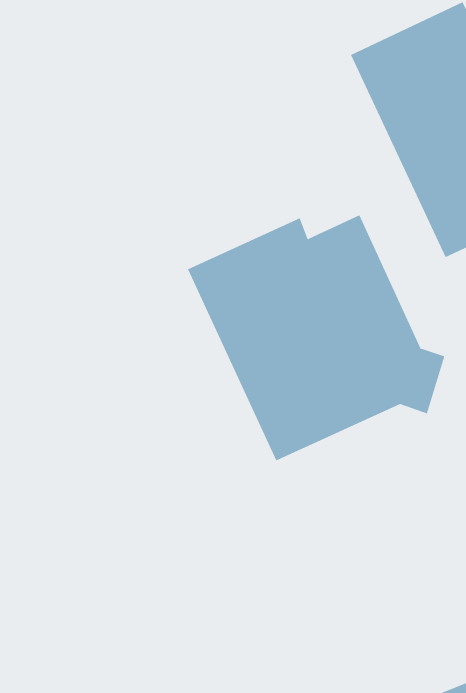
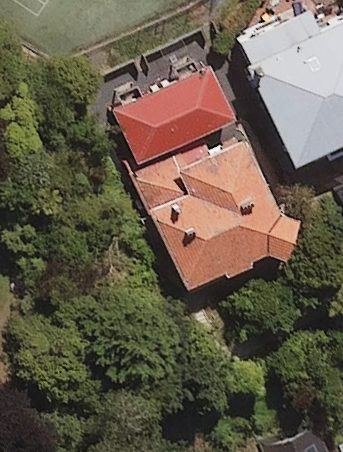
building: none -> [117,66,236,165]

